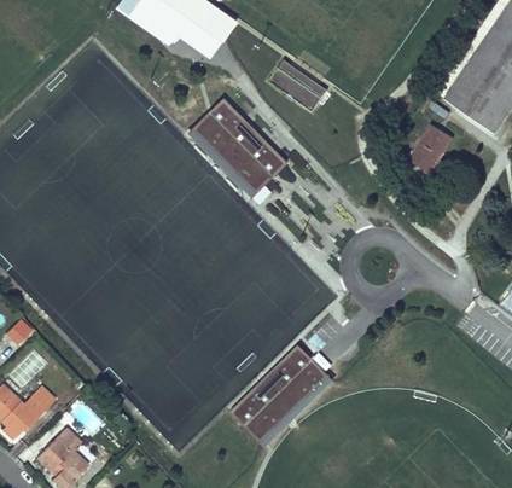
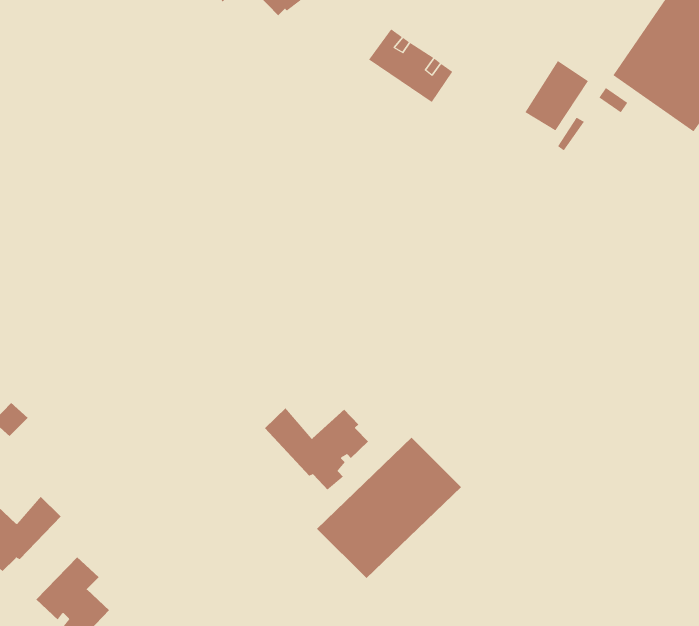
building: [187,98,285,196] -> none
building: [408,124,453,174] -> [525,60,589,131]
building: none -> [264,407,369,490]

